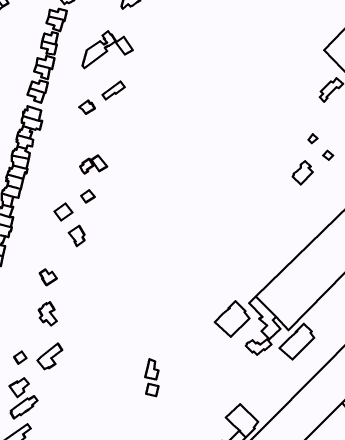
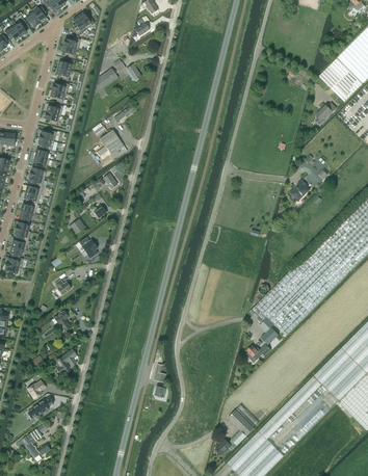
building: none -> [97,129,127,159]
building: [215,301,249,337] -> none
building: [280,324,314,360] -> none

